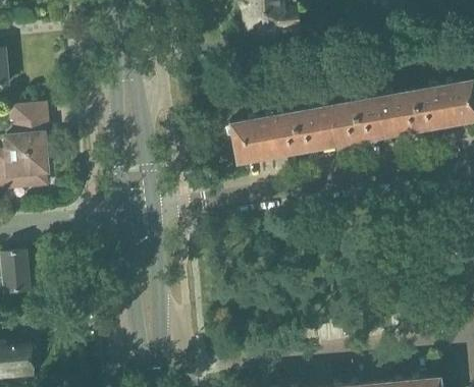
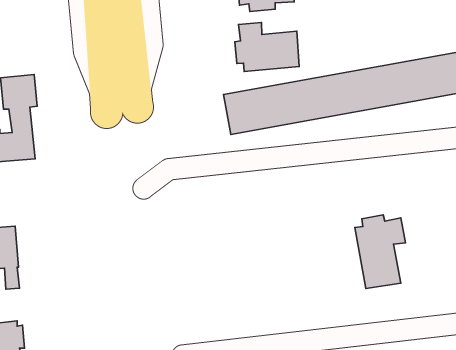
building: none -> [235,23,299,71]
building: none -> [355,215,405,289]

